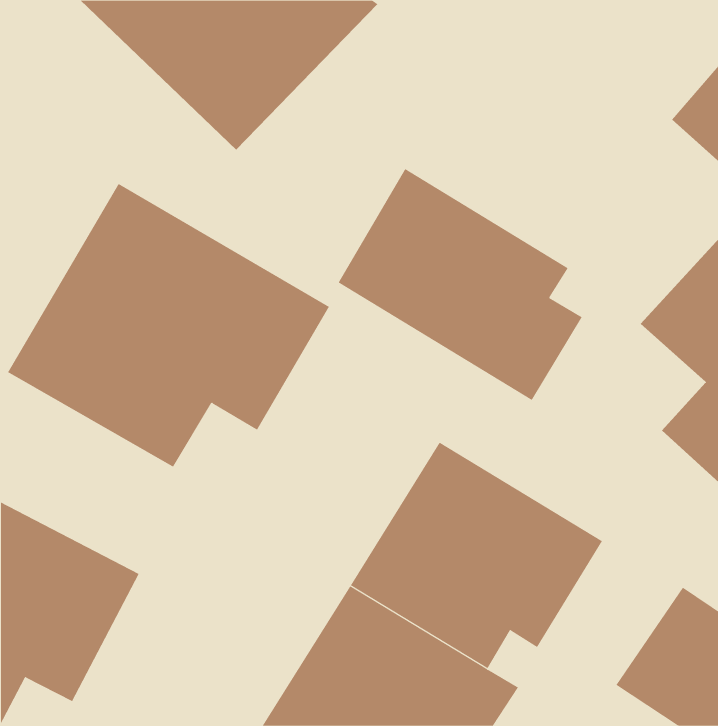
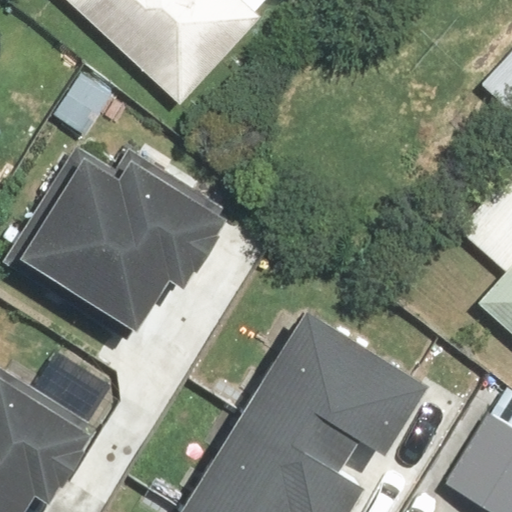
building: [338,168,583,401] -> none

